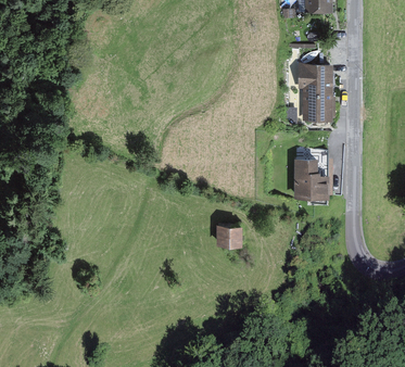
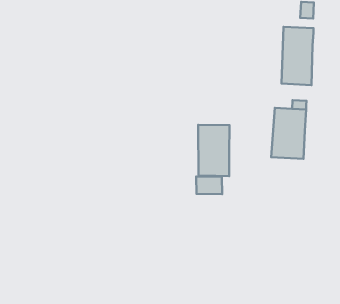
building: none -> [198,125,230,176]

